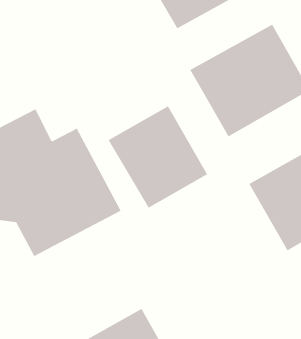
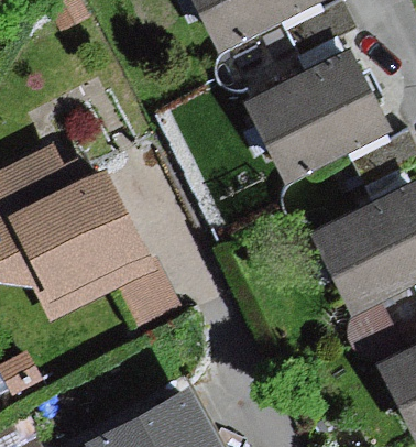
building: [108,106,208,209] -> none

